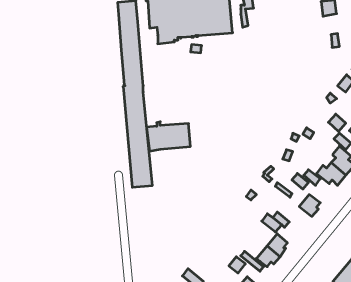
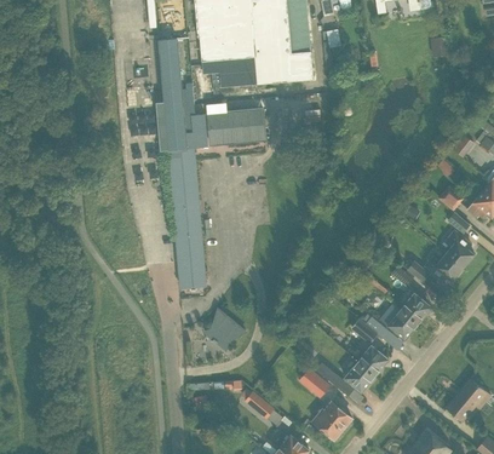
building: [147,122,190,151] -> [207,107,265,145]
building: none -> [379,301,418,337]
building: none -> [205,309,245,349]

